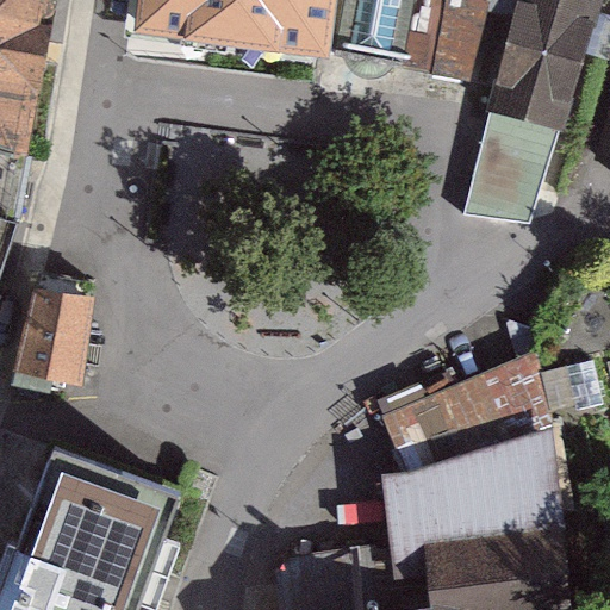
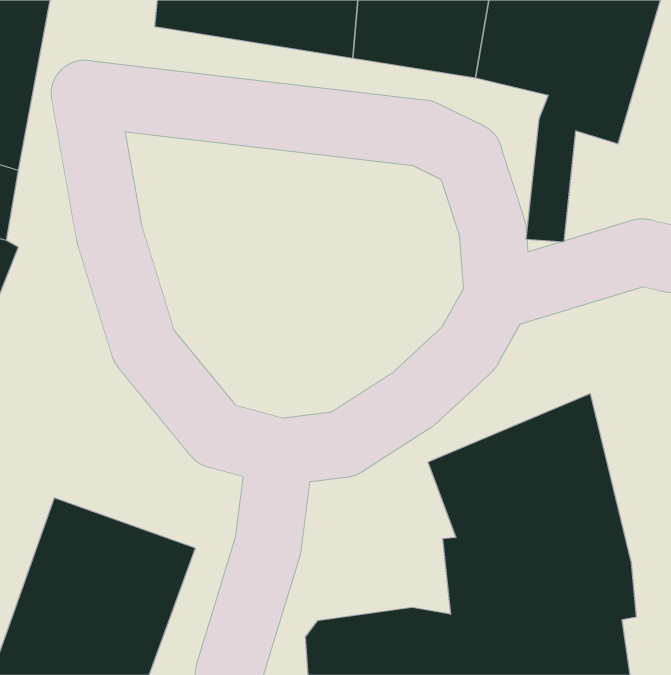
building: [8,274,88,388] -> none

